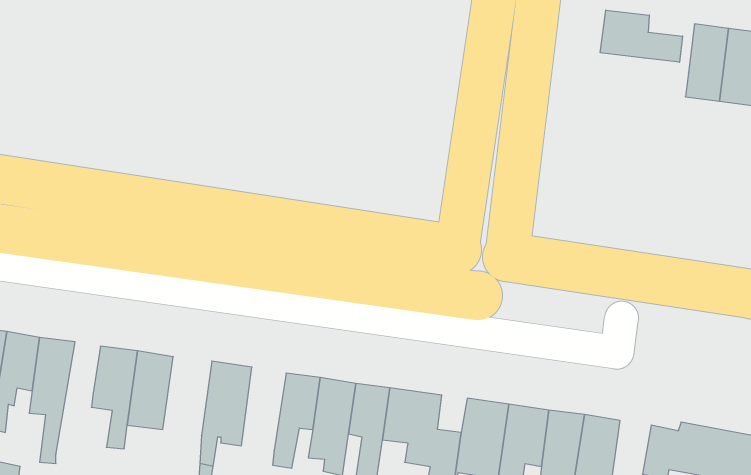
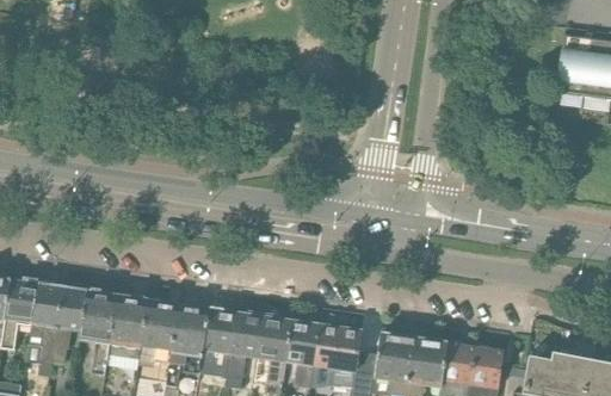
building: [600,10,683,62] -> none
building: none -> [50,287,86,380]
building: none -> [136,299,175,363]
building: none -> [199,308,235,375]

